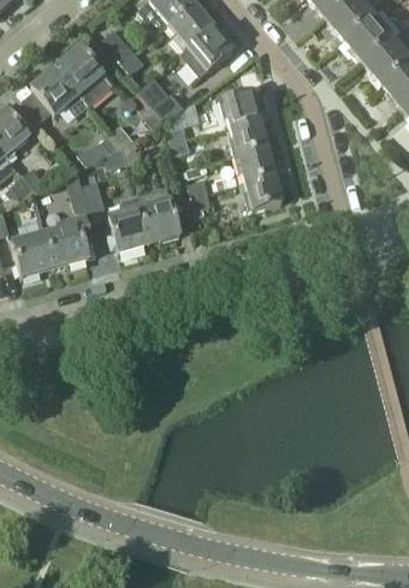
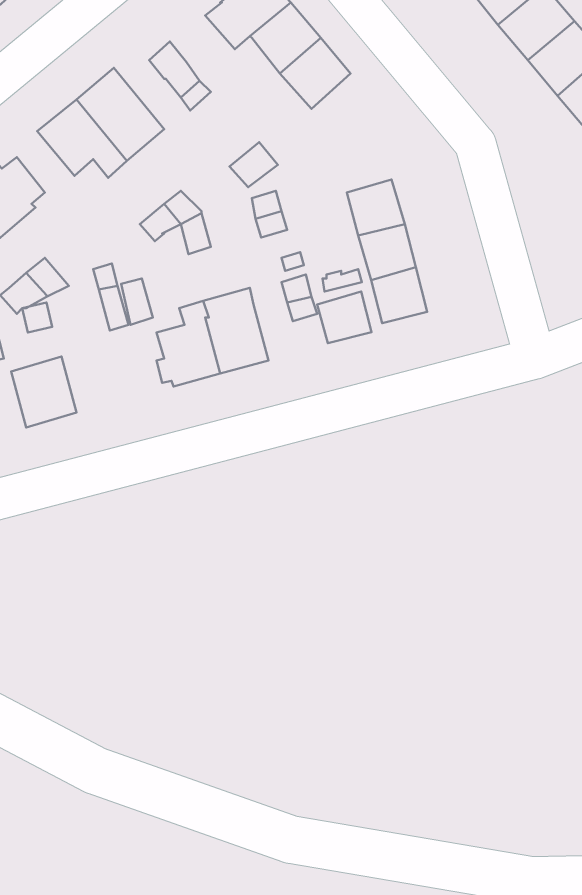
building: [221,90,257,125] -> none
building: none -> [317,291,372,343]
building: [43,216,90,267] -> none

